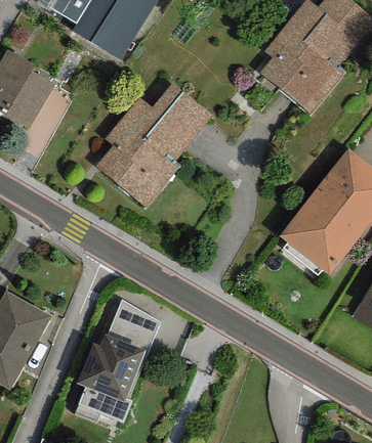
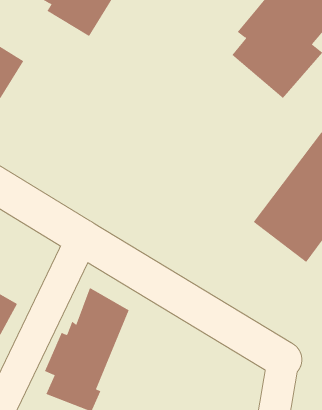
building: [95,83,212,208] -> none

